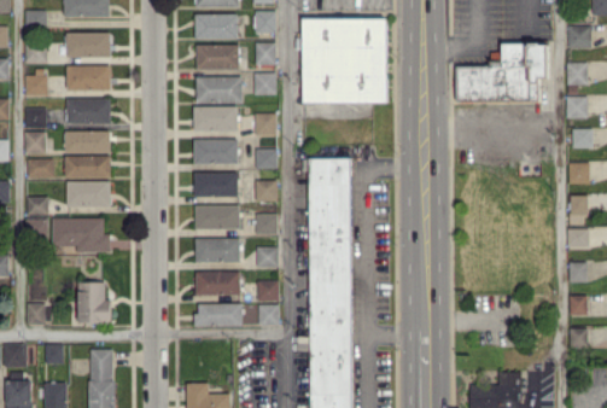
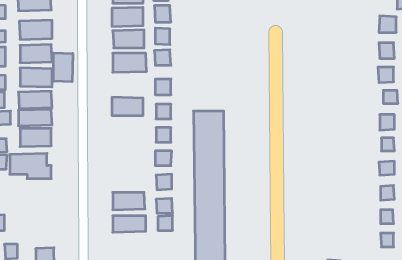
building: [303,18,386,103] -> none
building: [456,45,549,101] -> none
building: none -> [53,53,73,82]
building: [193,106,237,132] -> none
building: [194,171,238,197] -> none
building: [194,205,240,229] -> none
building: [195,238,240,263] -> none
building: [78,282,111,322] -> none

